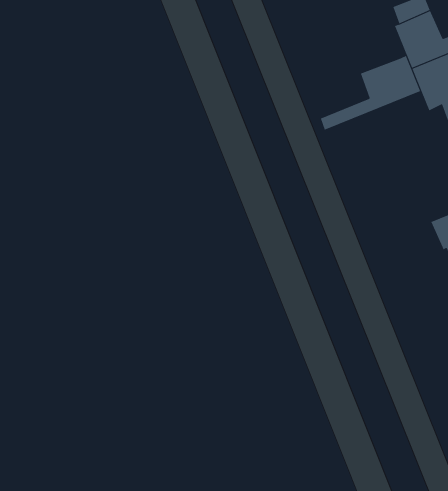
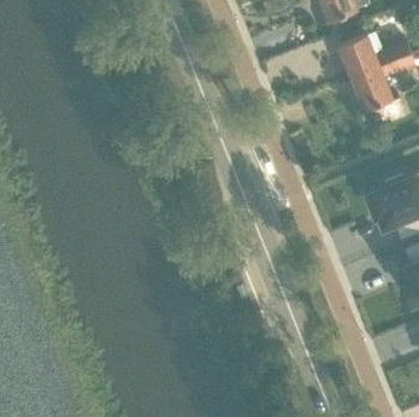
building: [320,55,421,131] -> none

